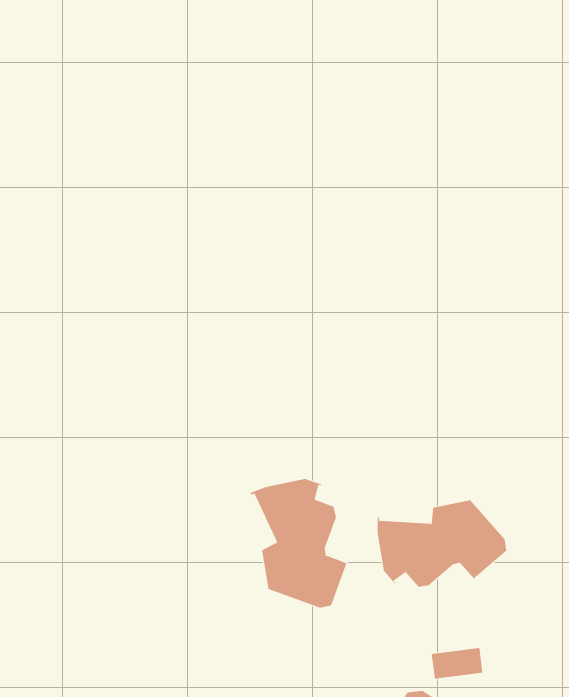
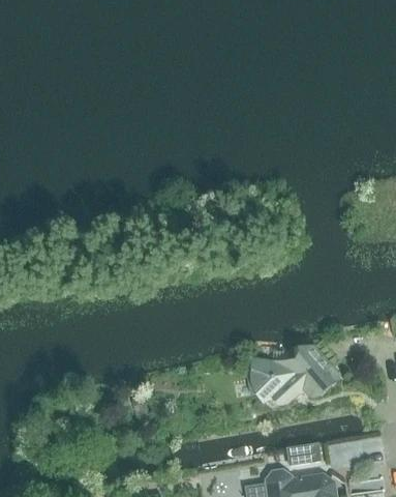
building: [250,478,347,608] -> none

